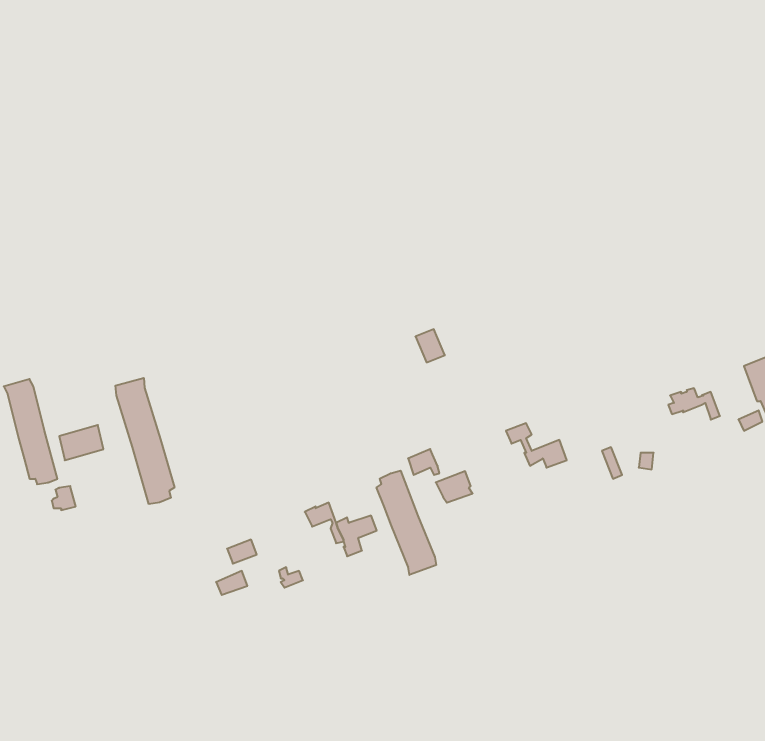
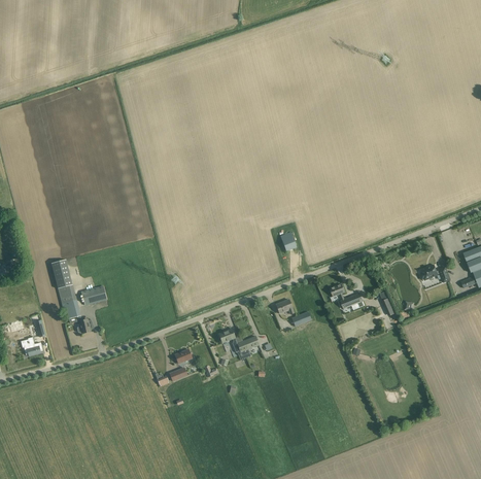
building: [115,378,174,504] -> none
building: [377,471,436,575] -> none

